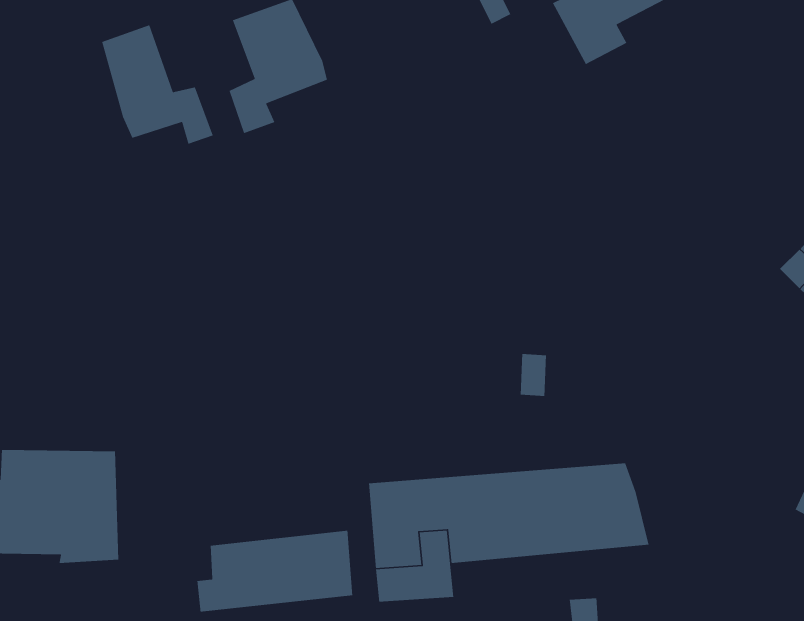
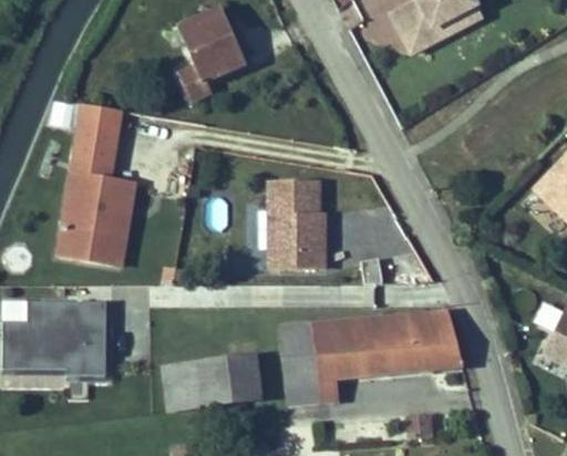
building: [101,24,214,145] -> none
building: none -> [61,121,144,269]
building: none -> [270,180,326,268]

